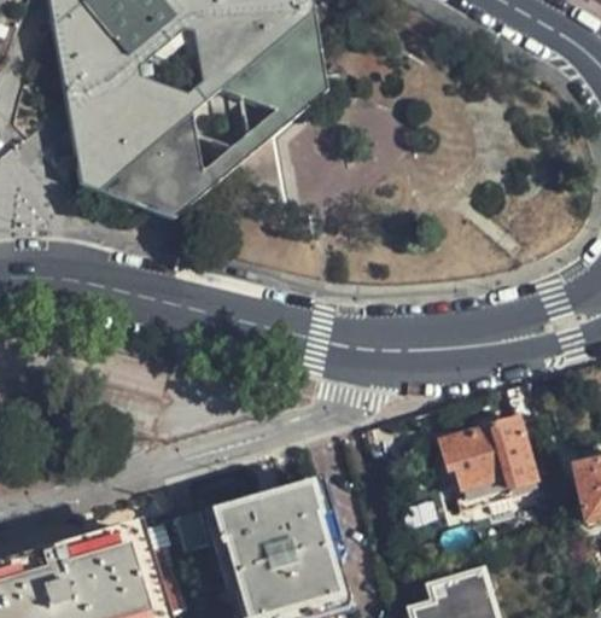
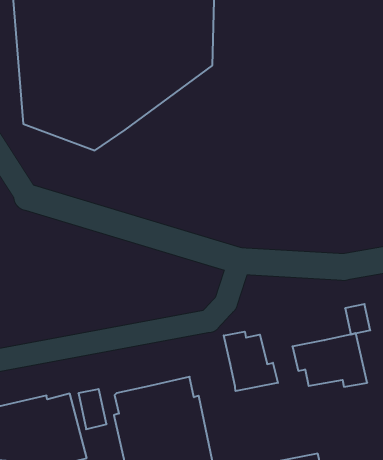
building: none -> [224,332,278,391]

